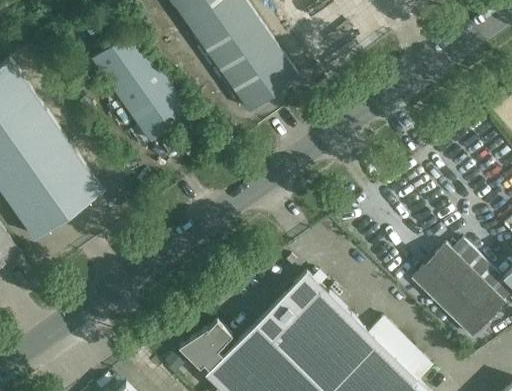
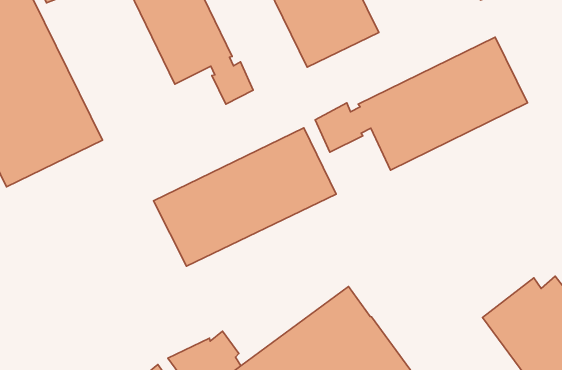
building: none -> [315,37,527,170]
building: none -> [153,128,336,266]

